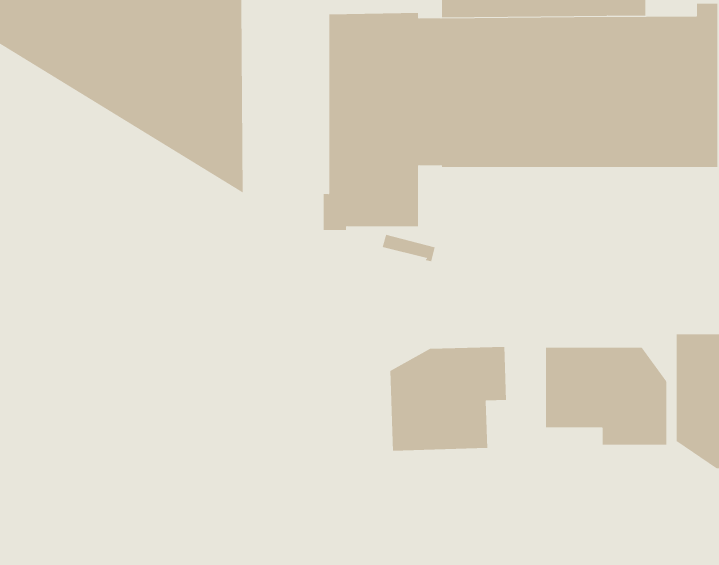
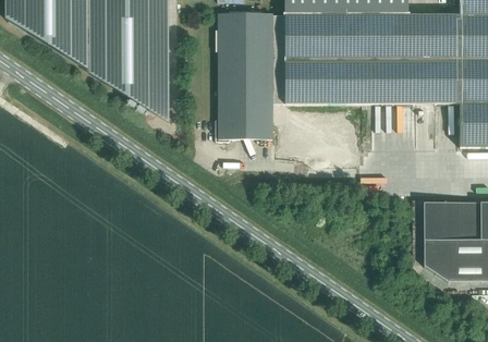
building: [390,346,506,451] -> none
building: [546,347,667,445] -> none

